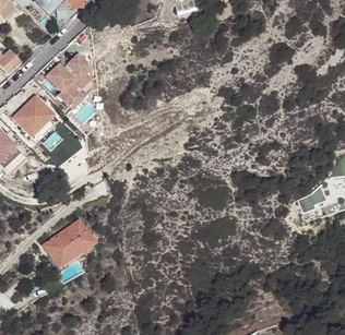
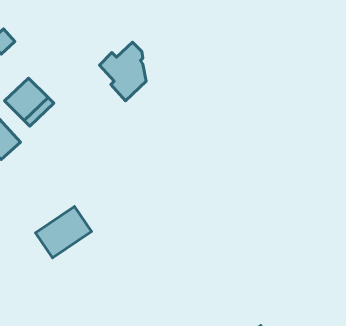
building: [47,55,92,110] -> [99,42,146,101]

